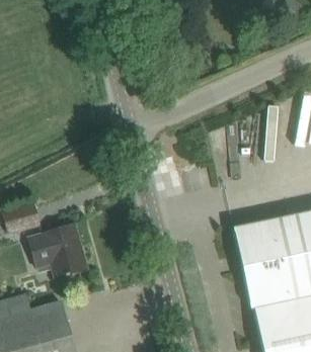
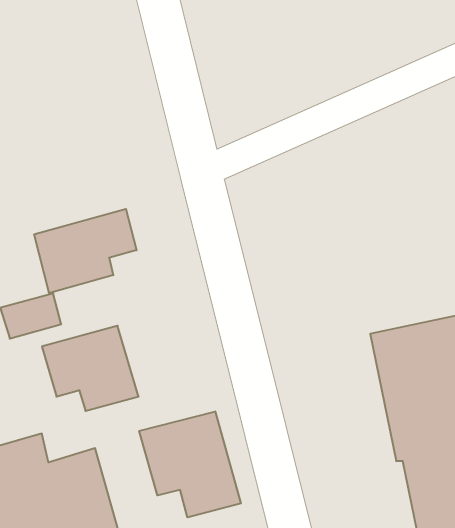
building: none -> [34,209,137,293]
building: none -> [139,411,241,517]

